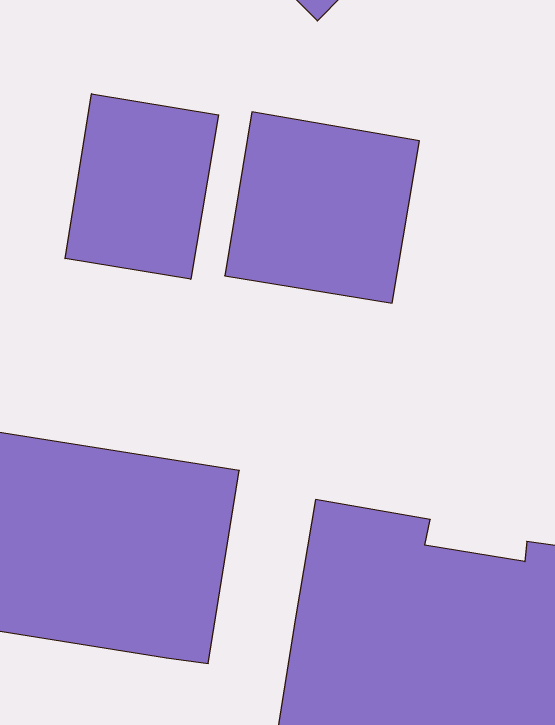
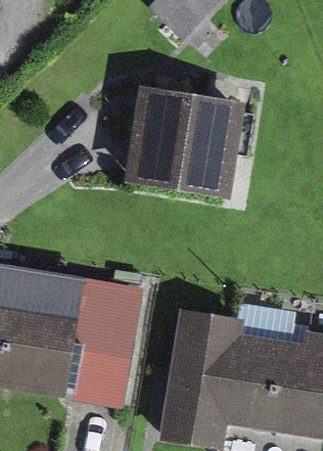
building: [65,94,219,279] -> none

